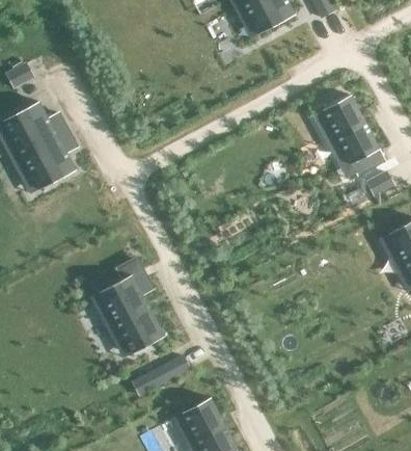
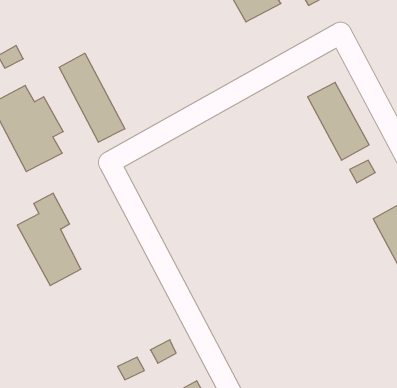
building: none -> [59,53,125,142]
building: [95,258,160,351] -> [17,193,81,286]

